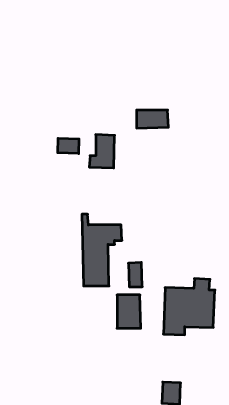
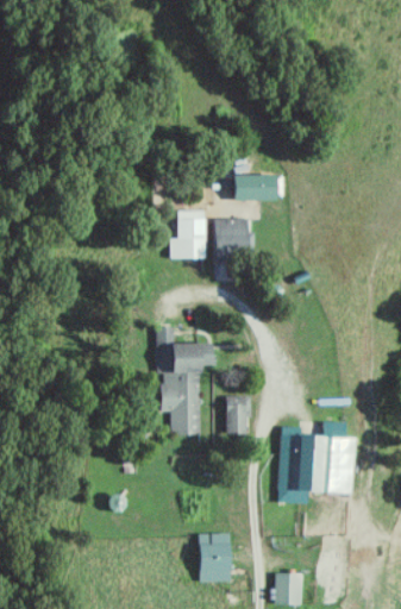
building: [58,138,79,154] -> none
building: none -> [214,218,251,258]
building: [117,295,141,328] -> [200,533,234,582]

